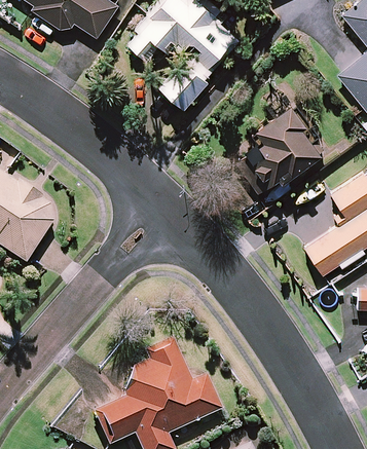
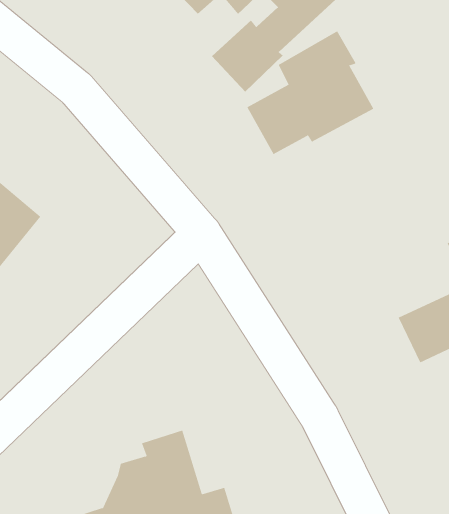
building: [236,105,322,193] -> [247,30,374,155]

